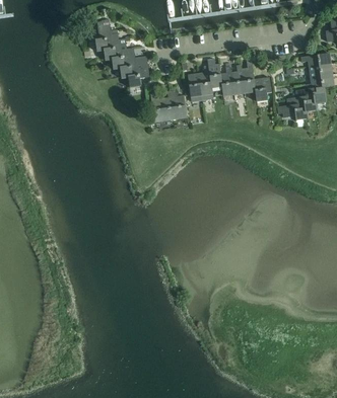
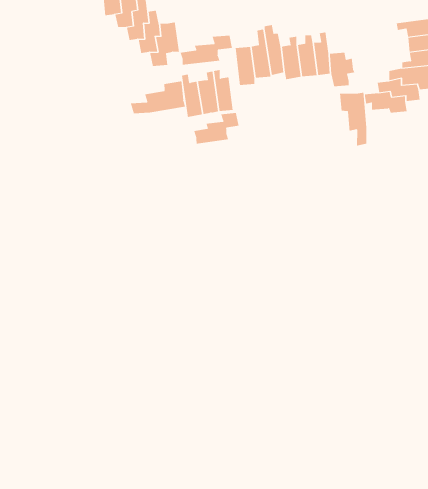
building: none -> [180,35,233,66]
building: none -> [130,80,186,114]
building: none -> [339,92,367,147]
building: none -> [193,112,239,144]

